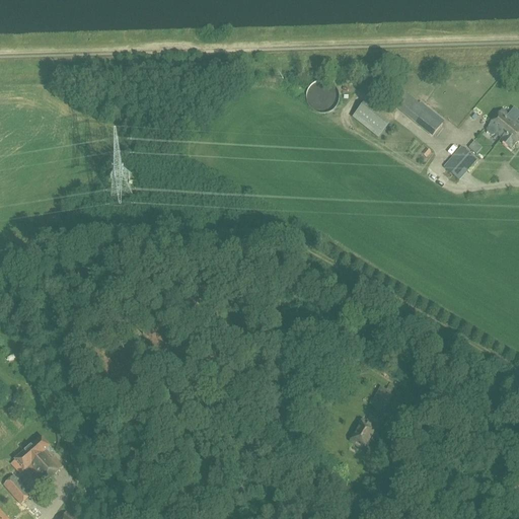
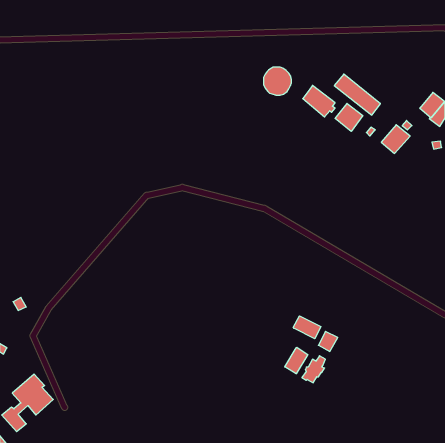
building: none -> [335,103,363,131]
building: none -> [293,316,321,339]
building: none -> [285,347,308,374]

